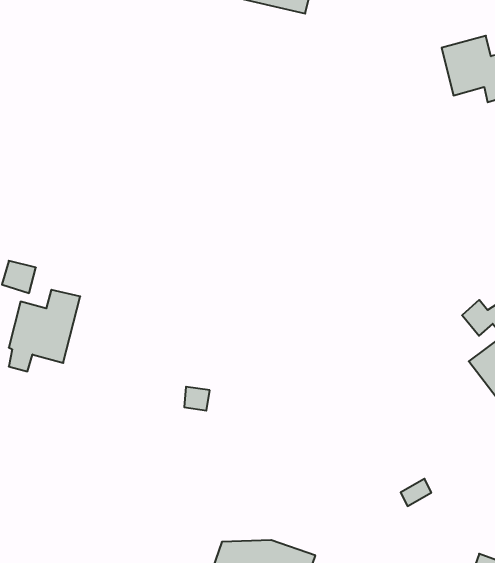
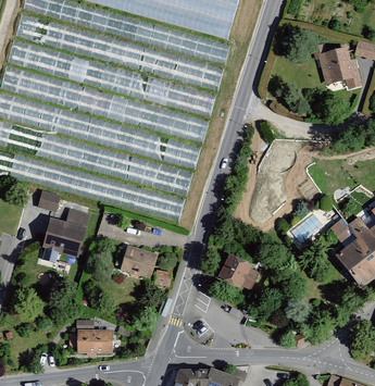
building: none -> [121,246,154,276]
building: none -> [220,251,251,284]
building: none -> [77,329,111,352]

